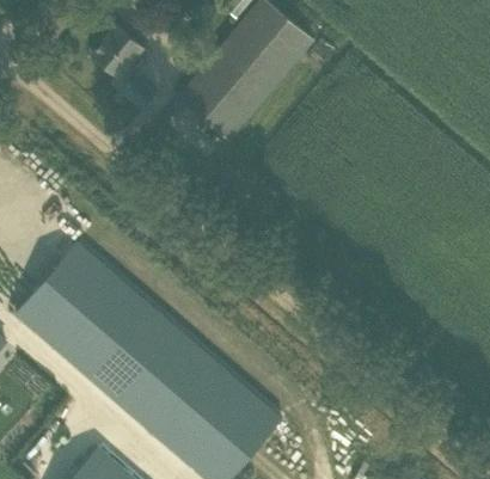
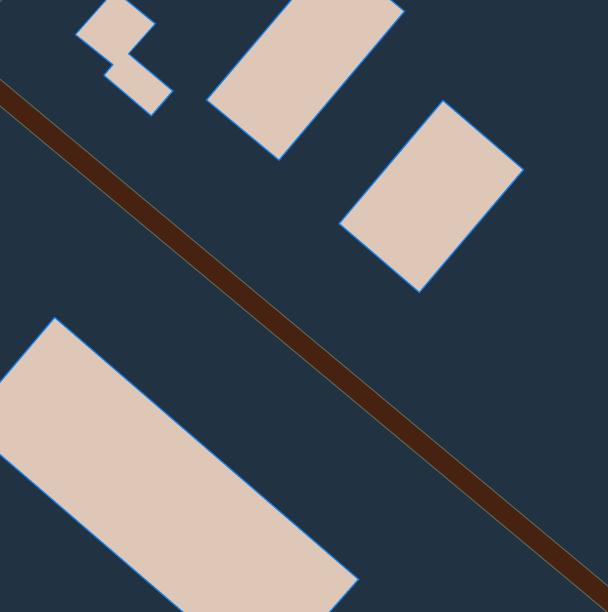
building: none -> [339,101,523,293]

